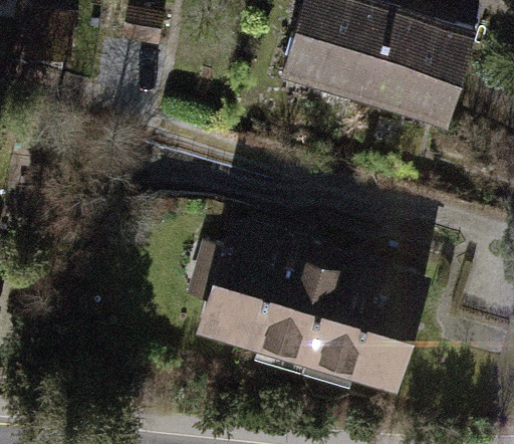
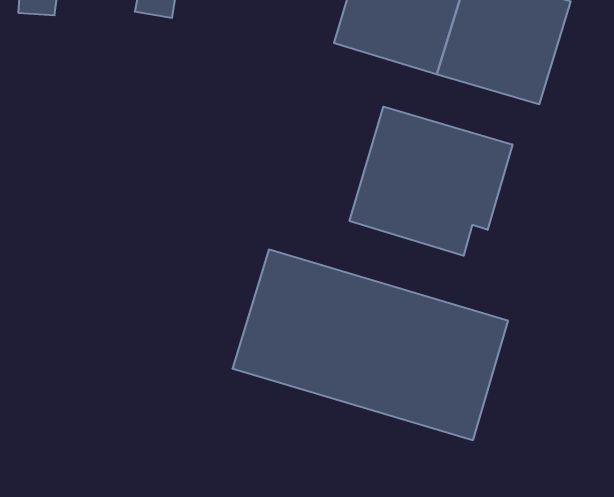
building: none -> [350,107,512,256]

